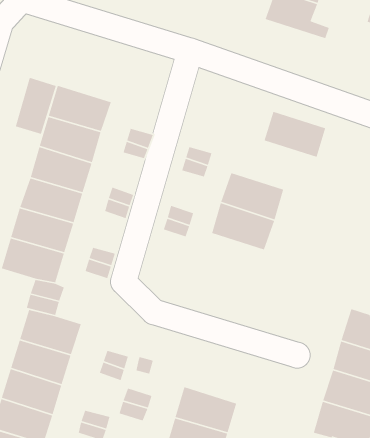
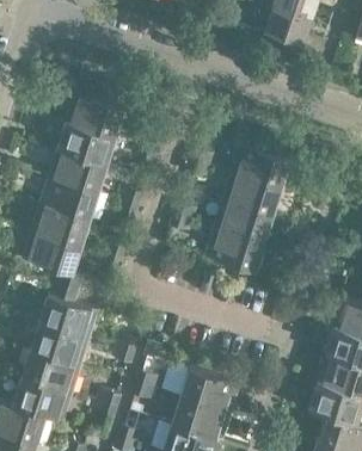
building: [15,77,57,135] -> none
building: [264,111,326,158] -> [234,143,292,186]
building: none -> [208,227,265,271]

